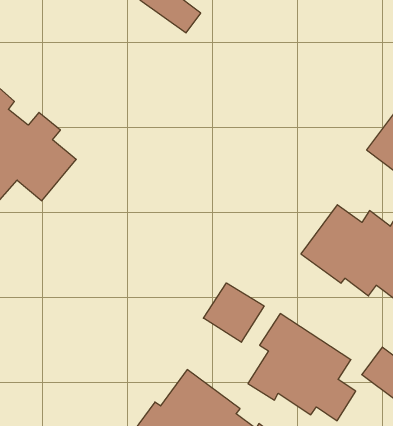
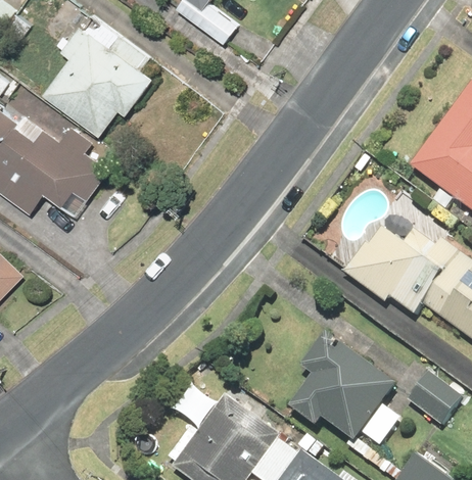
building: none -> [42,12,156,137]
building: [203,283,264,342] -> none

